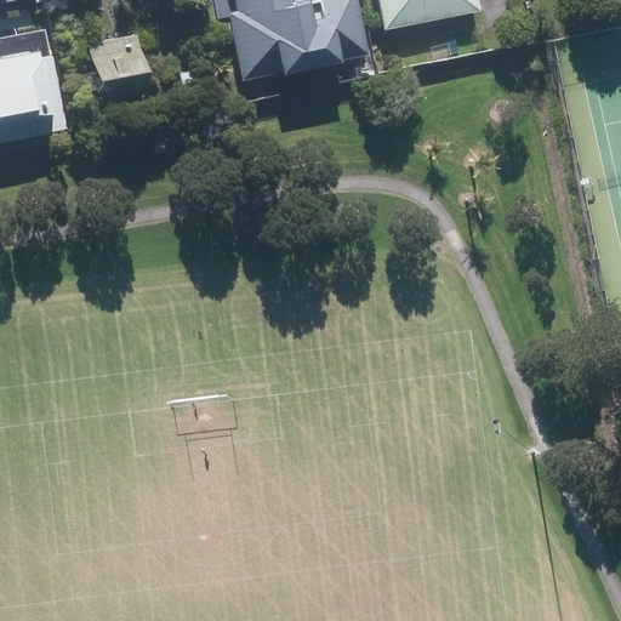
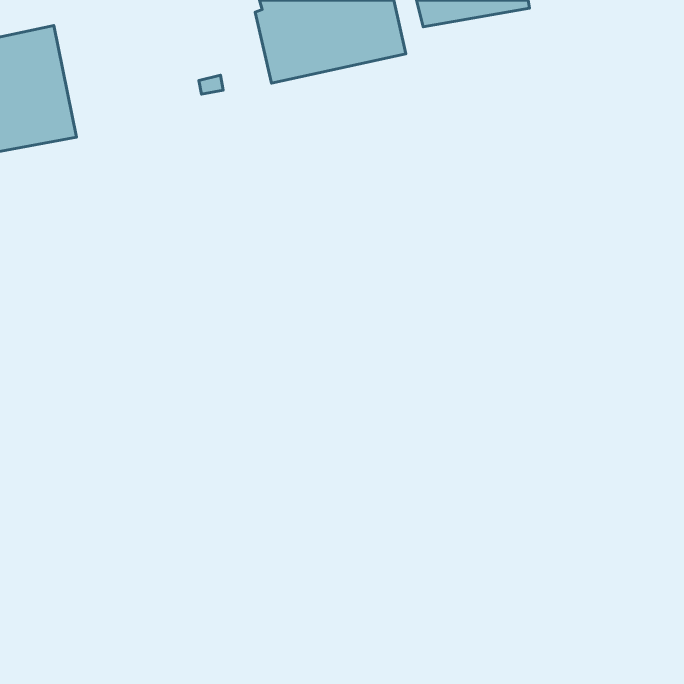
building: [90,33,147,101] -> none

